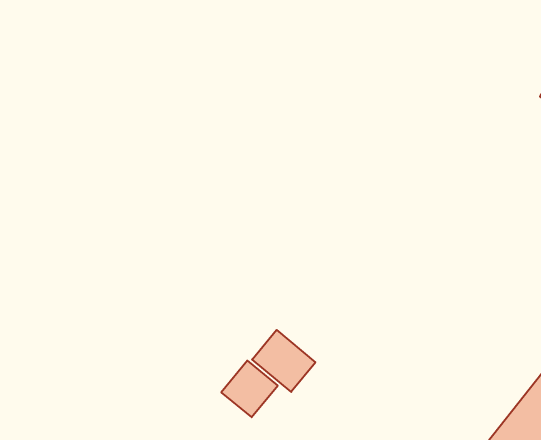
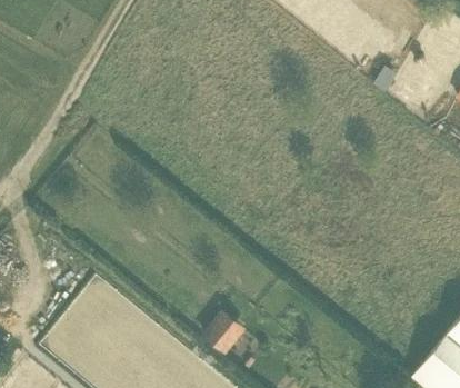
building: [252,330,315,392] -> none

